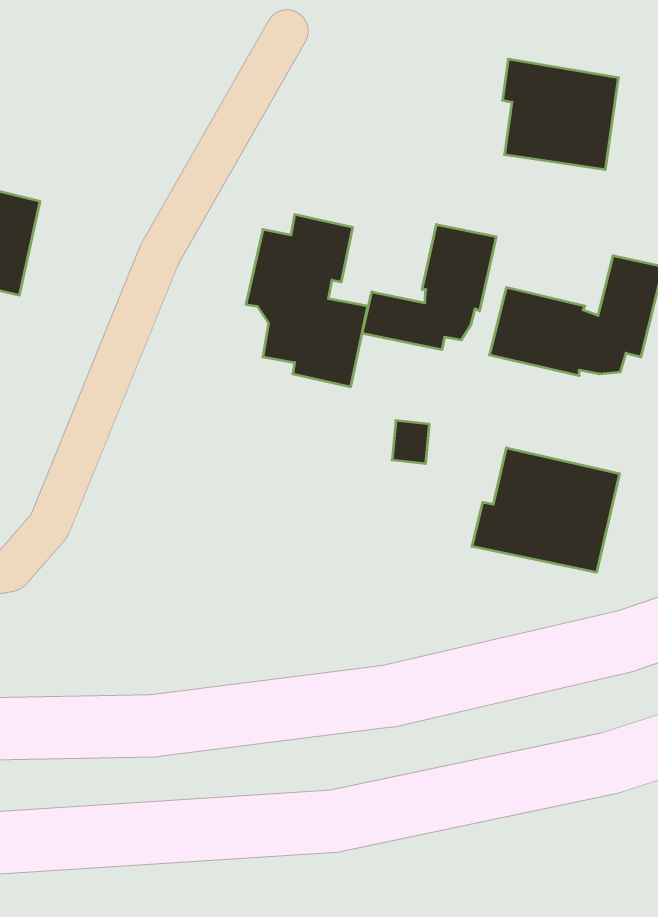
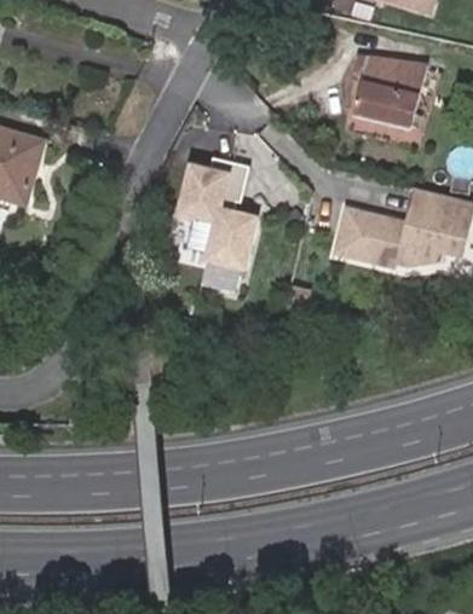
building: [362,224,496,350] -> none
building: [472,448,620,572] -> none

